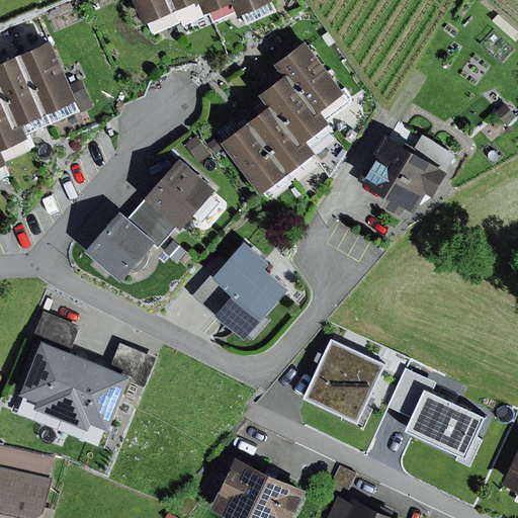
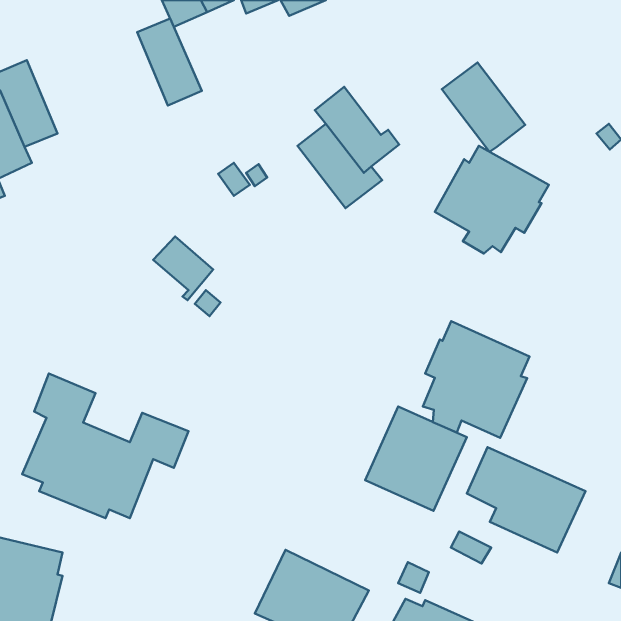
building: [275,41,344,115] -> [442,62,525,152]
building: [22,42,76,114] -> [137,19,202,106]
building: [222,124,285,194] -> none
building: [145,160,215,231] -> none
building: [84,212,156,283] -> none
building: [189,243,287,340] -> none
building: none -> [423,321,530,438]

